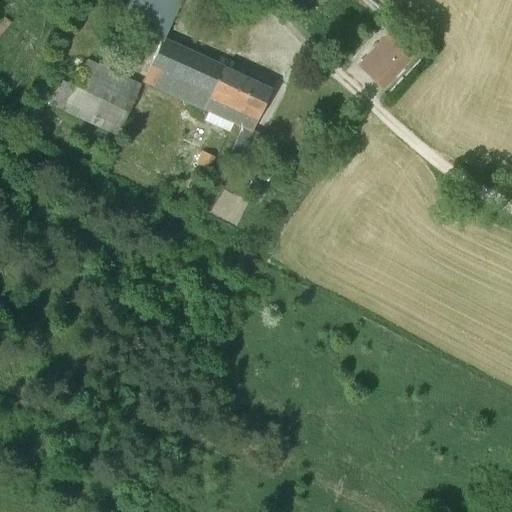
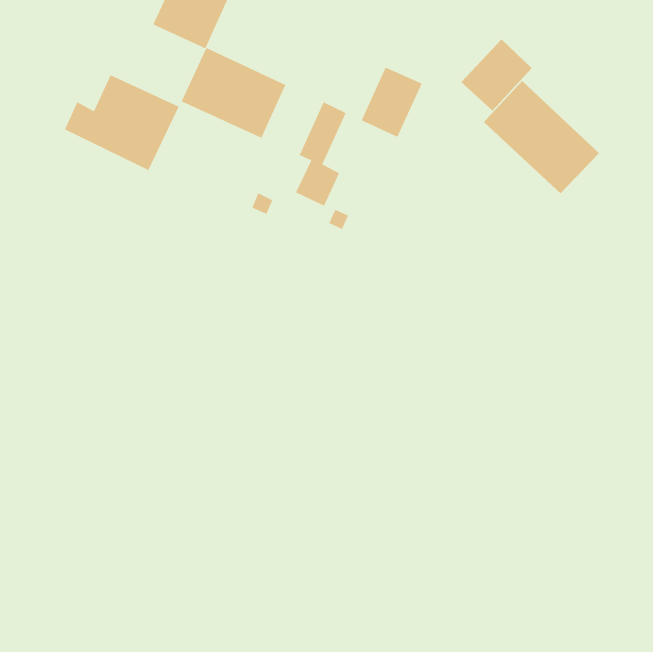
building: none -> [484,80,600,194]
building: [206,66,254,121] -> [361,67,422,137]

